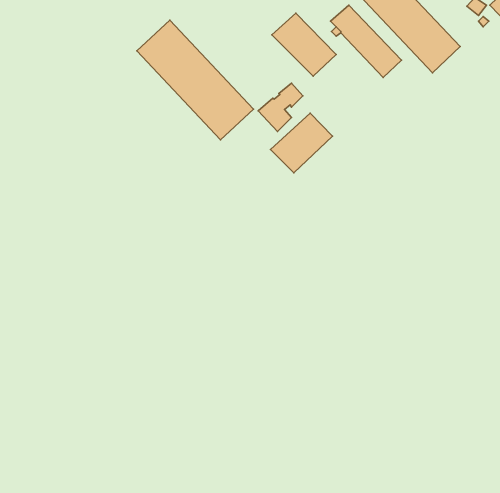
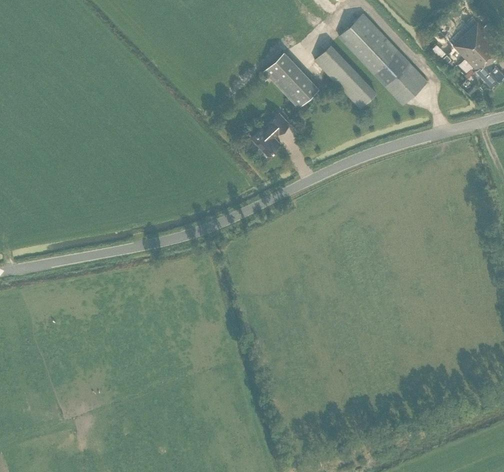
building: [137,20,254,140] -> none
building: [271,113,332,173] -> none

